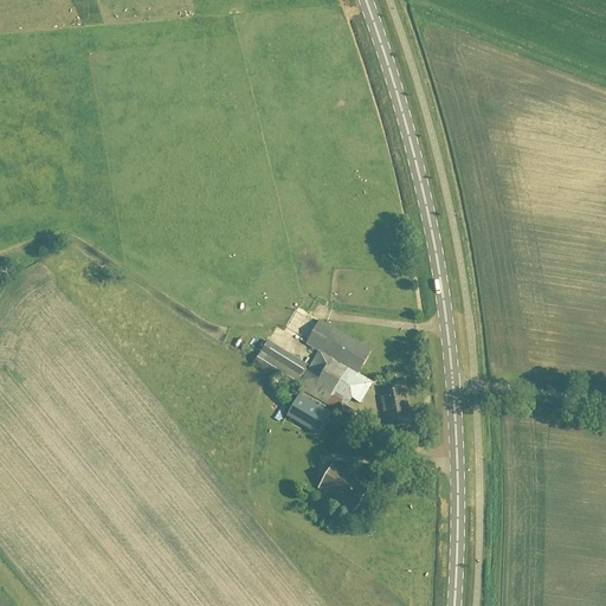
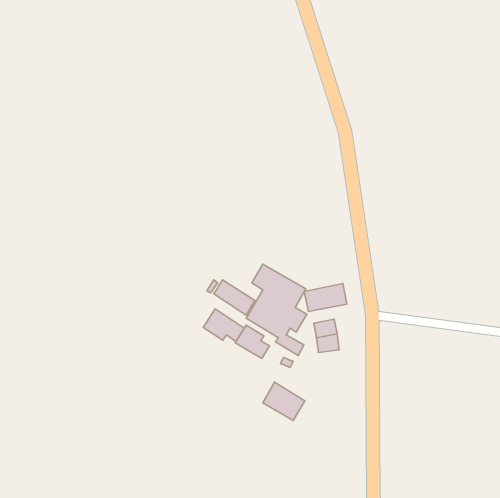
building: none -> [304,283,347,311]
building: none -> [203,309,244,342]

